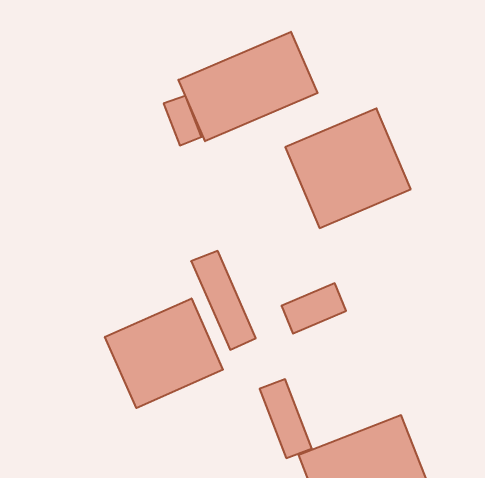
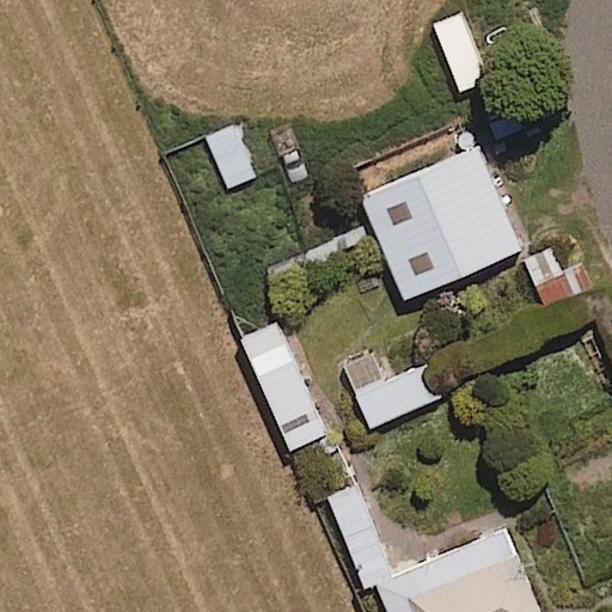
building: [178,32,318,141] -> none
building: [105,298,223,408] -> none

